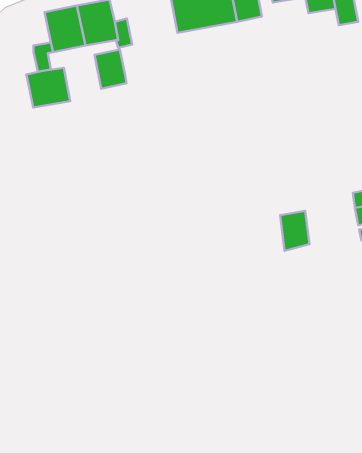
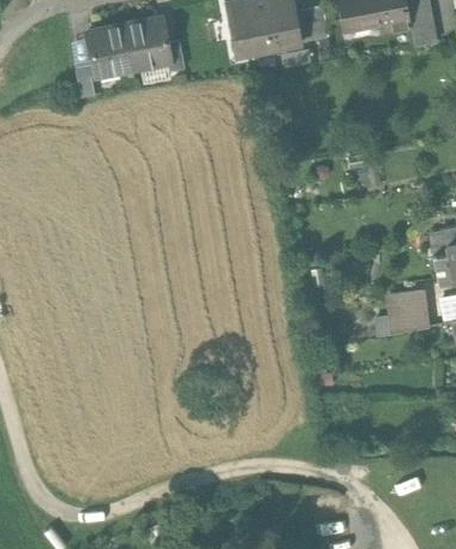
building: [94,49,127,89] -> none
building: [26,68,70,108] -> none
building: [280,211,310,251] -> [396,291,428,335]

